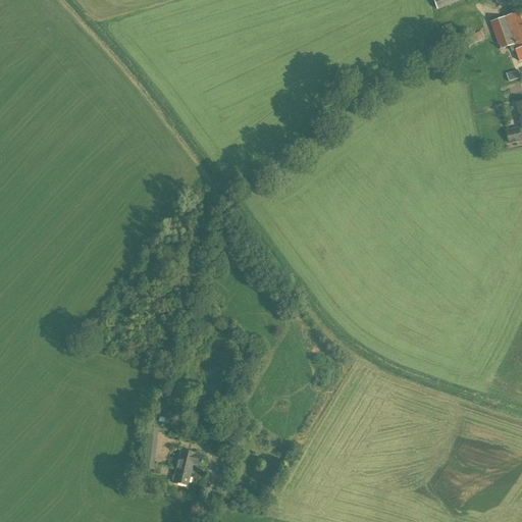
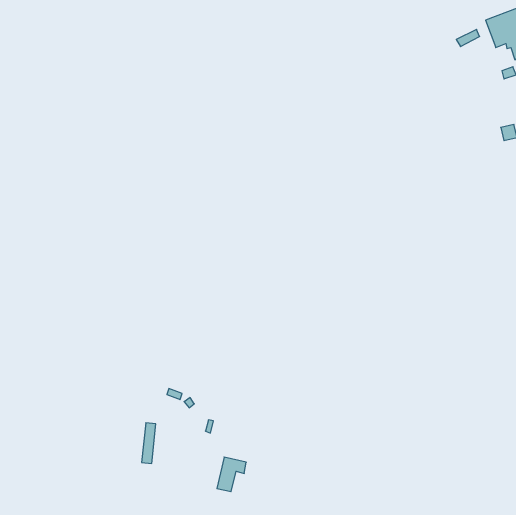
building: [174,449,204,483] -> [217,457,246,492]

